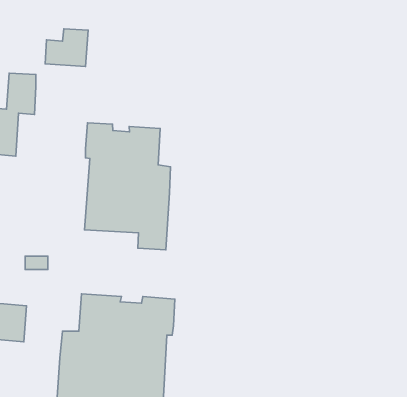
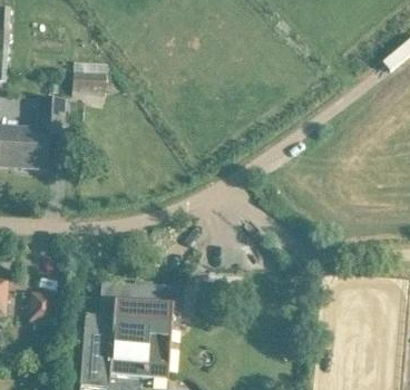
building: [84,123,170,250] -> none

